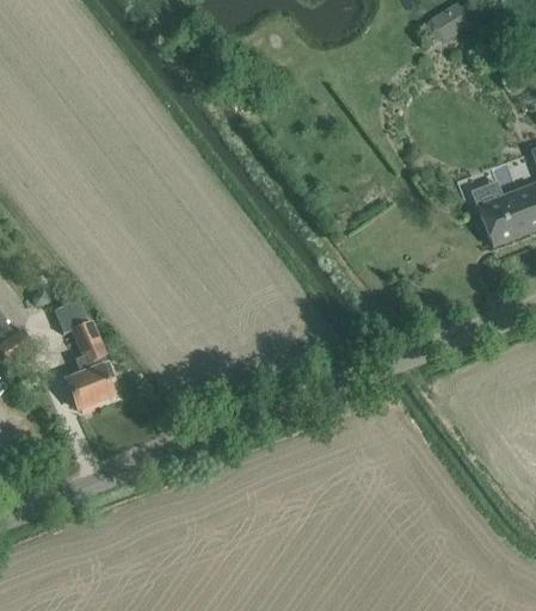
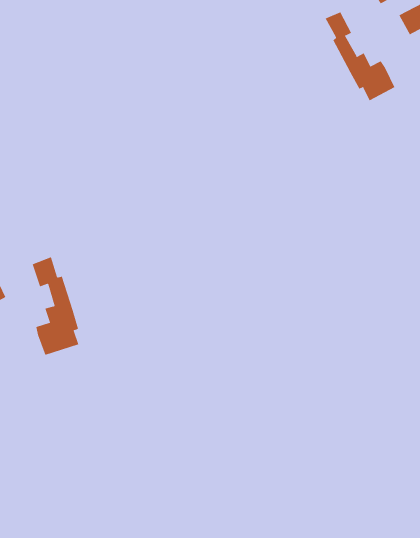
building: none -> [325,11,395,101]

